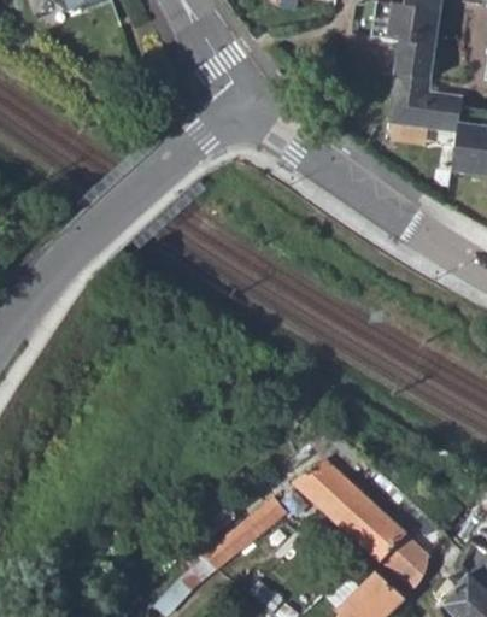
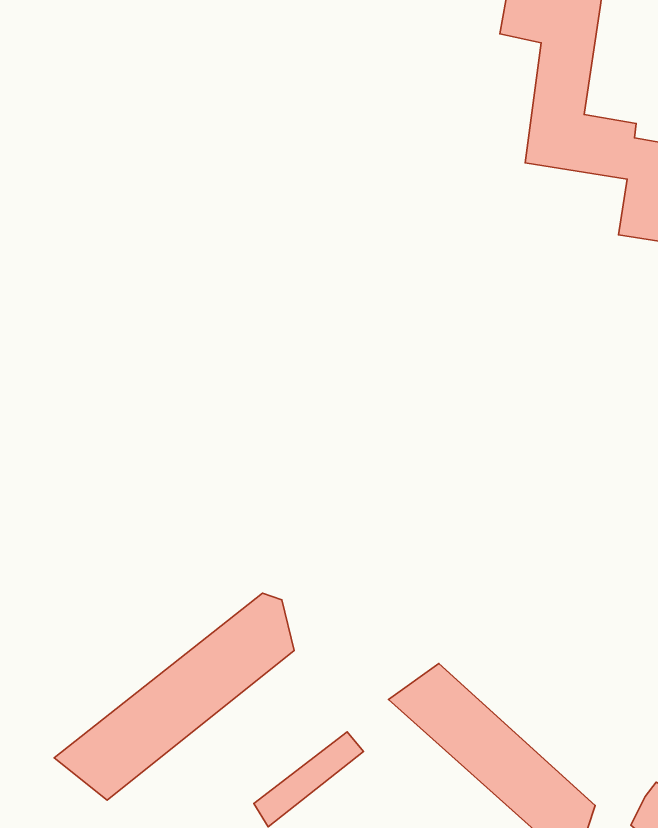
building: none -> [54,593,294,800]

